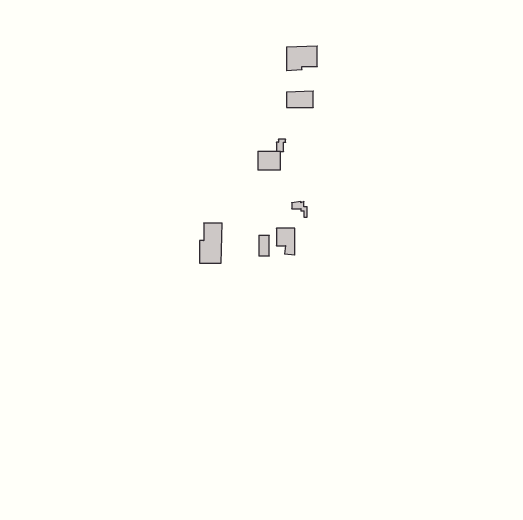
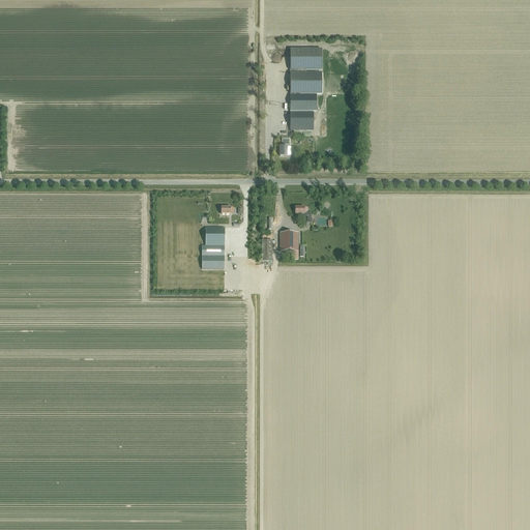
building: none -> [290,68,322,92]
building: [258,151,280,170] -> [290,110,313,128]

